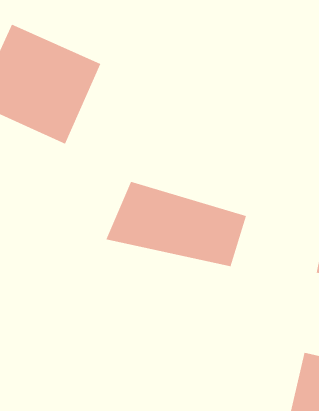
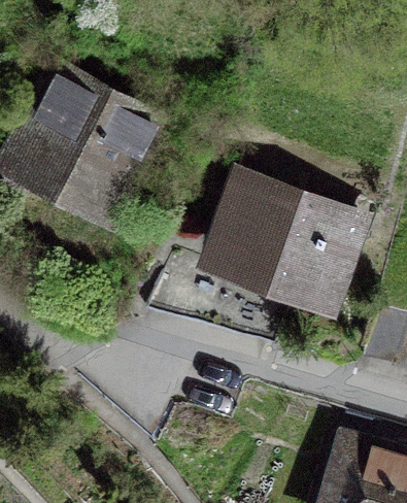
building: none -> [210,171,367,292]

